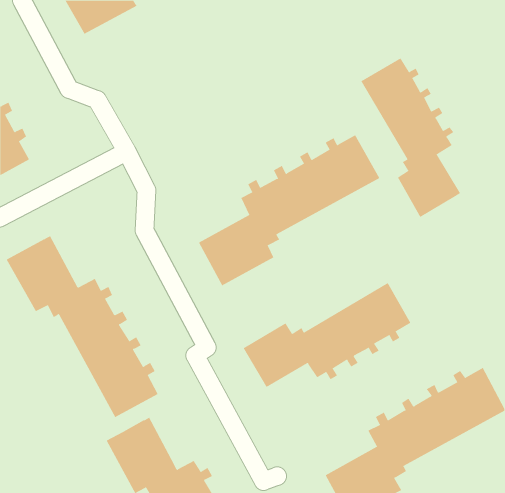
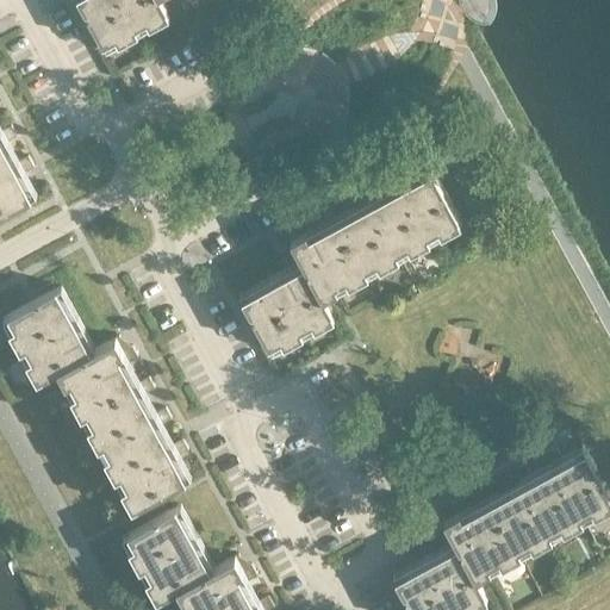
building: [360,58,461,218] -> none
building: [243,282,411,388] -> none

